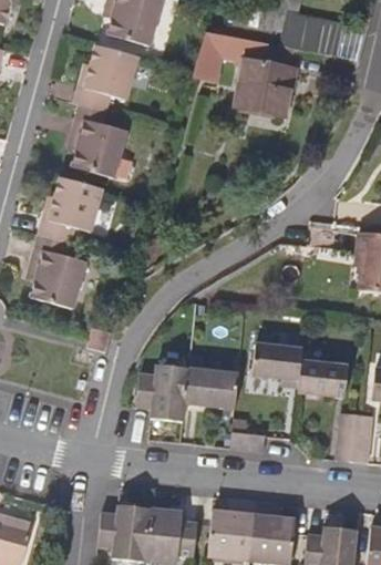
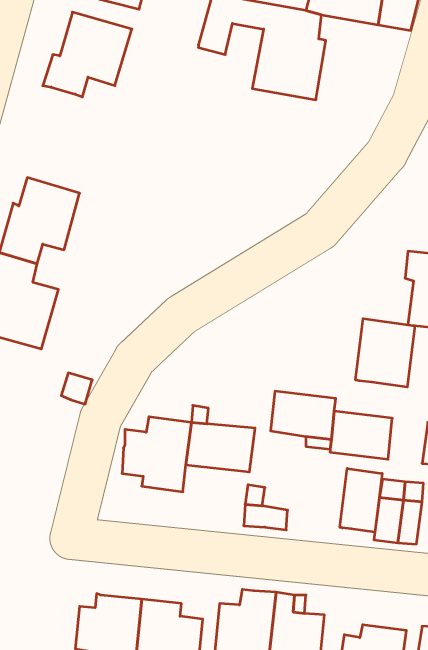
building: [69,105,132,183] -> none
building: none -> [356,319,415,387]
building: none -> [340,468,382,532]

